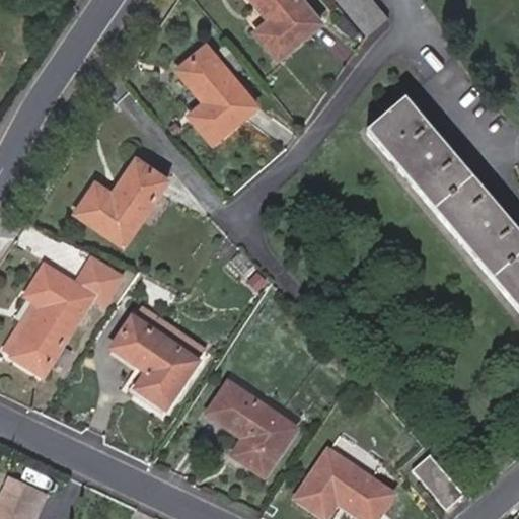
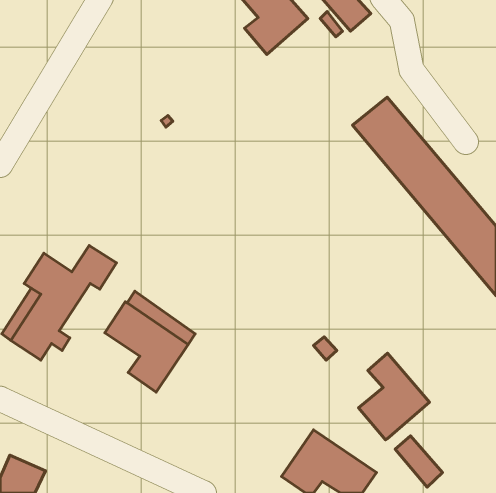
building: [177,43,256,140] -> none
building: [76,156,168,243] -> none
building: none -> [359,353,430,440]
building: [206,382,296,476] -> none

